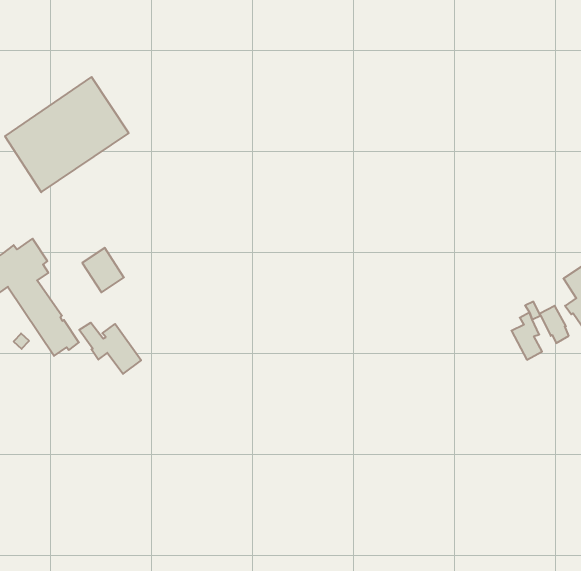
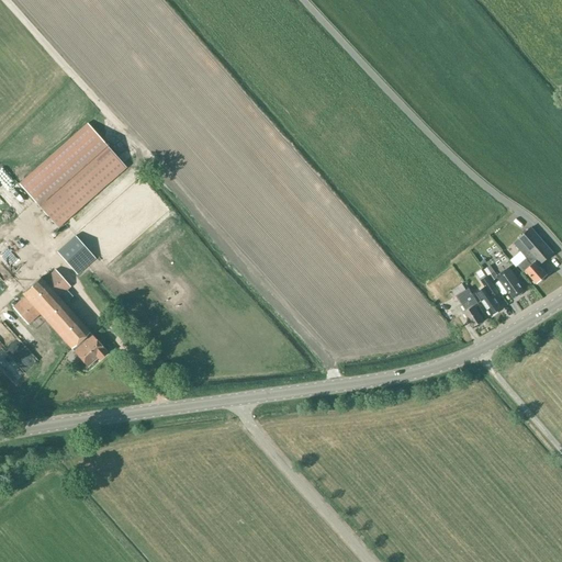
building: [82,248,124,292] -> [57,235,94,273]
building: [79,323,141,374] -> none
building: none -> [456,286,483,326]

